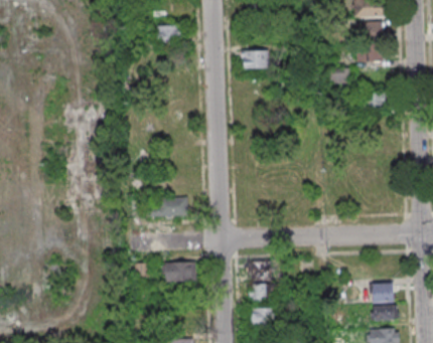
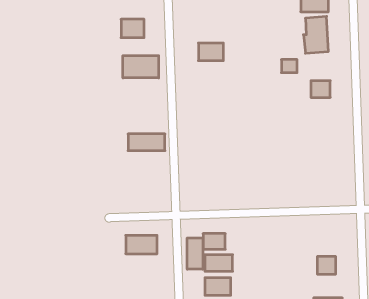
building: none -> [123,56,159,78]
building: [147,198,187,216] -> [128,134,165,151]
building: none -> [187,238,203,269]
building: [371,305,394,321] -> none

